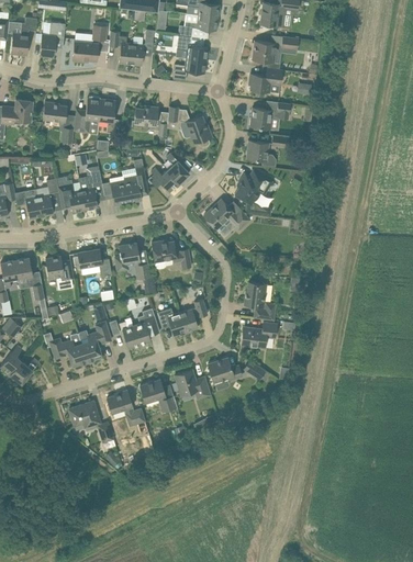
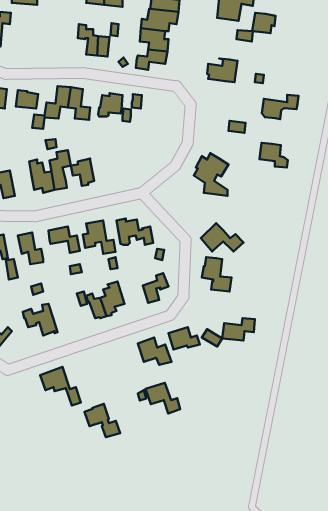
building: [40,21,65,56] -> none
building: [72,24,107,60] -> none
building: [252,40,277,61] -> [252,13,276,33]
building: [250,102,290,128] -> [262,95,298,119]
building: [180,115,212,147] -> none
building: [246,139,277,166] -> [259,143,288,167]
building: [152,153,189,191] -> none
building: [123,158,149,200] -> none
building: [36,178,59,215] -> none
building: [204,198,250,228] -> [201,223,244,252]
building: [157,306,186,335] -> none
building: [78,321,111,362] -> none
building: [242,322,277,346] -> [222,318,255,340]
building: [139,379,177,412] -> [146,383,180,413]
building: [107,389,145,425] -> [84,404,120,437]

